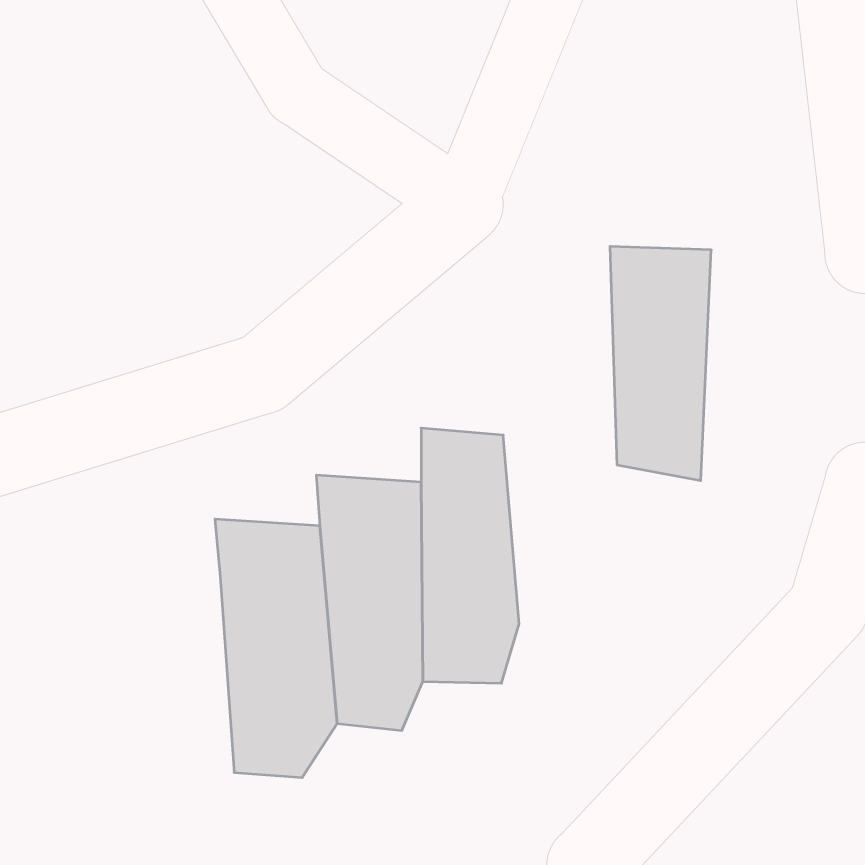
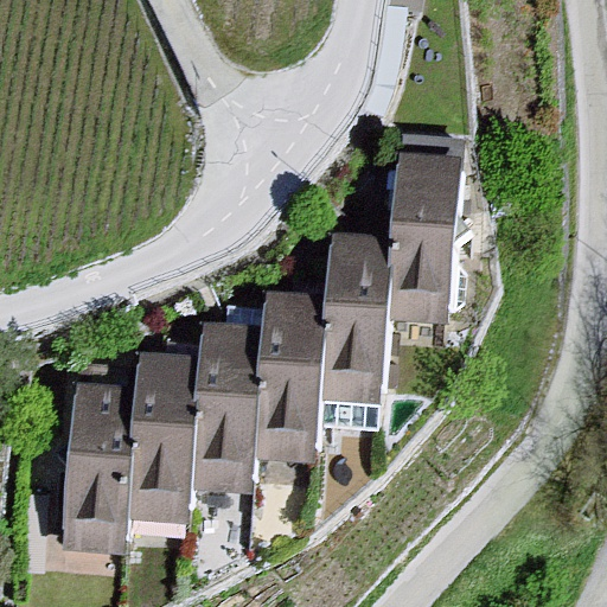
building: none -> [351,235,409,430]
building: none -> [79,391,159,556]

